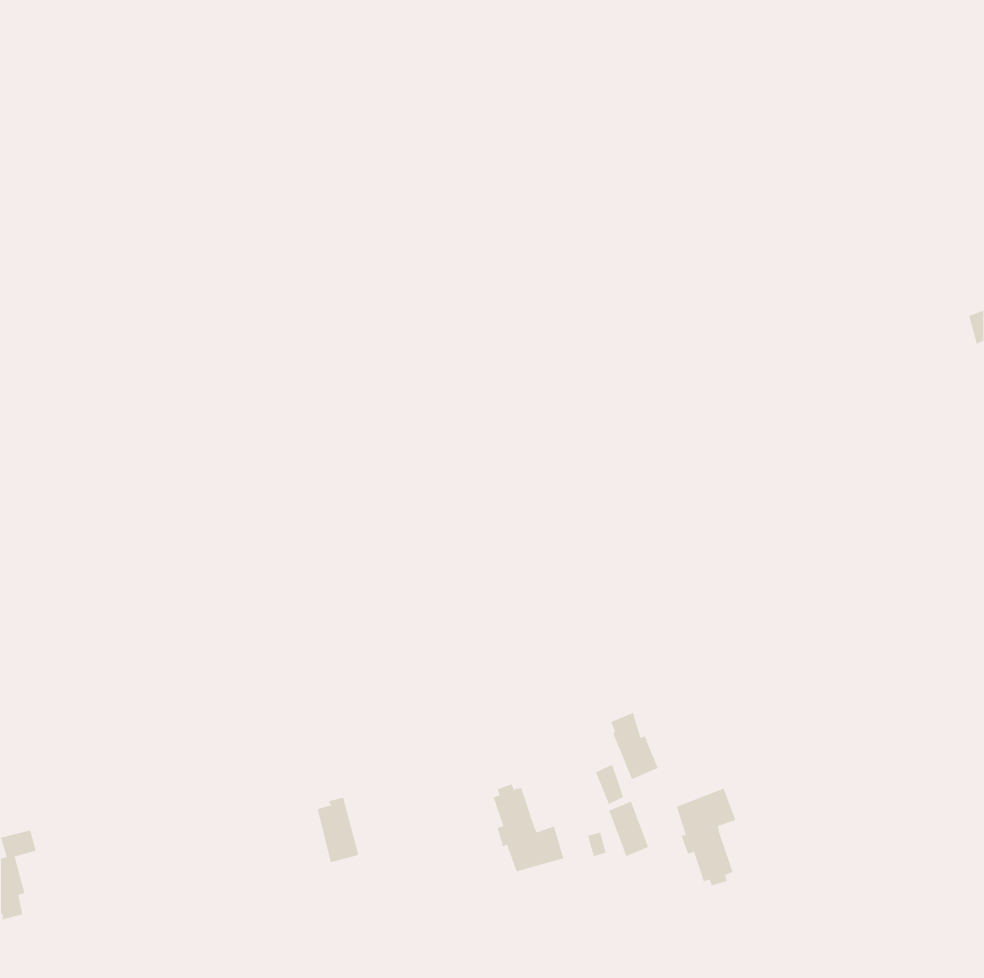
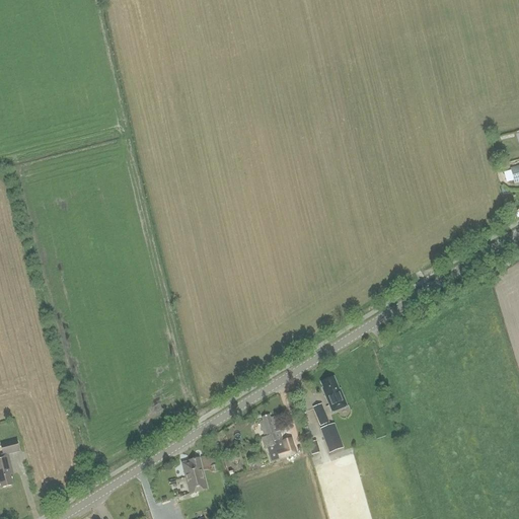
building: [676,788,736,886] -> none
building: [317,797,359,863] -> [183,456,206,491]

